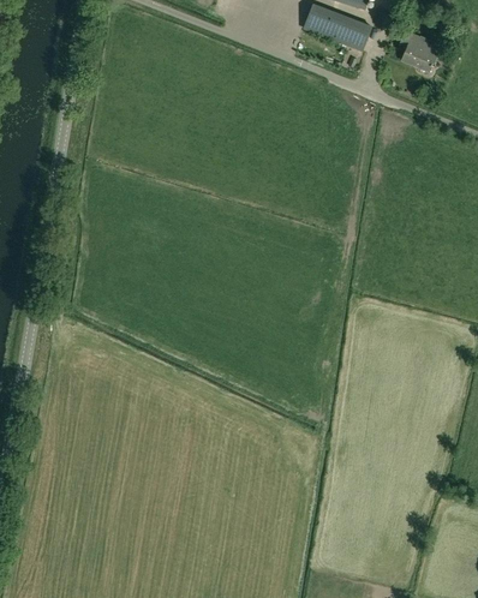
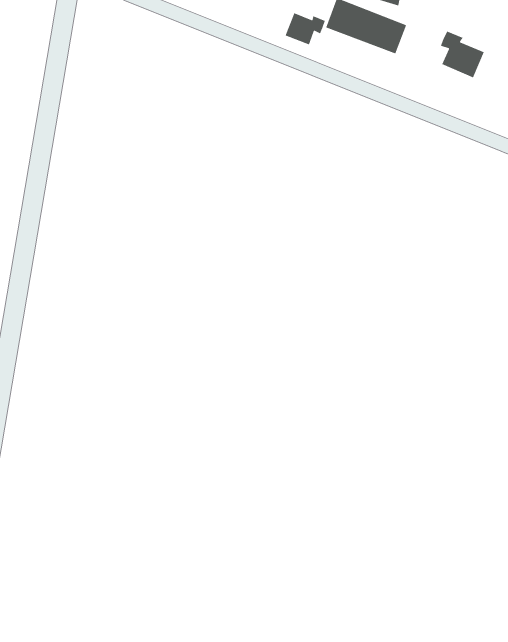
building: none -> [284,12,326,45]

